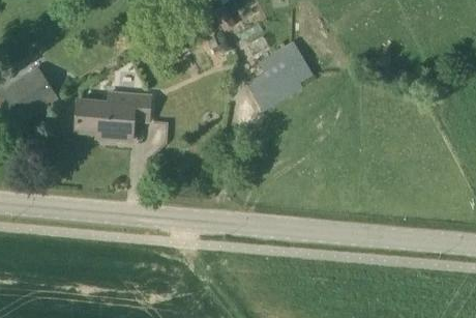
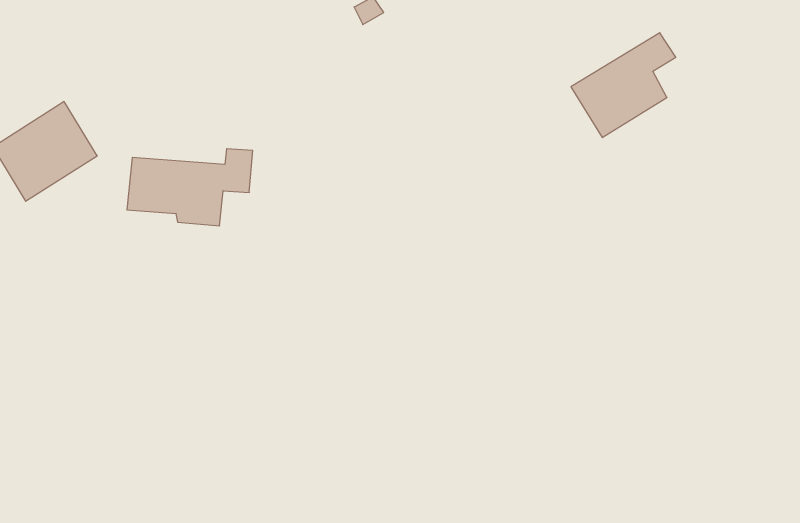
building: [244,48,306,110] -> [571,33,676,138]

